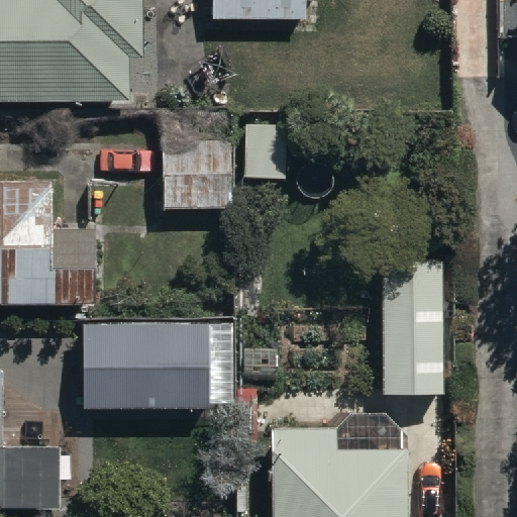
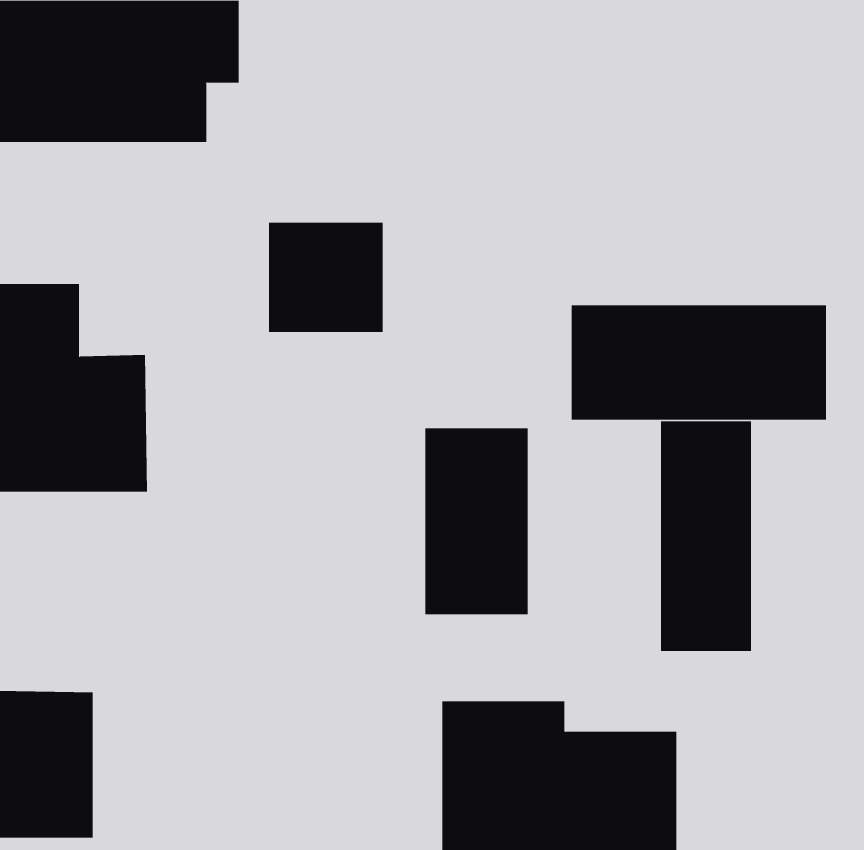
building: none -> [571,304,826,420]
building: none -> [425,428,528,615]
building: [77,320,231,408] -> none

